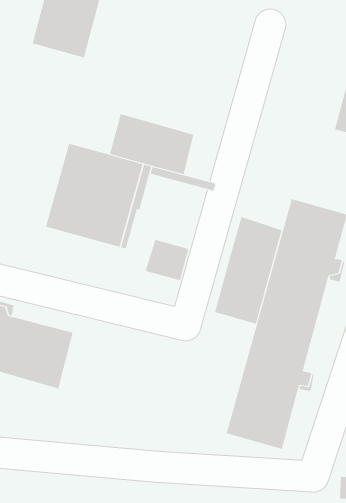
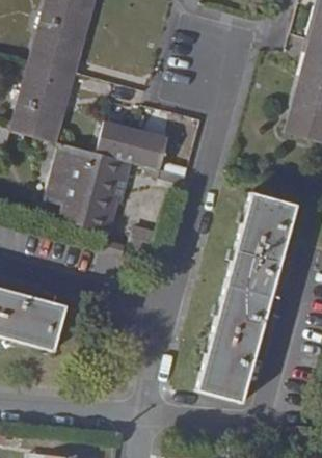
building: none -> [10,60,75,143]
building: [214,216,282,324] -> none

